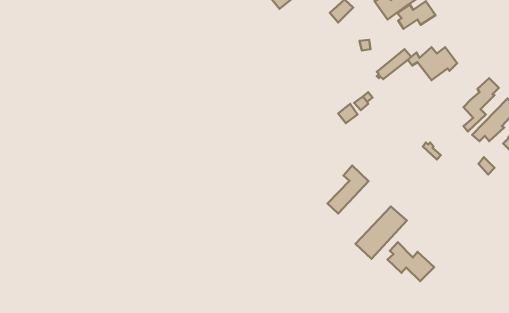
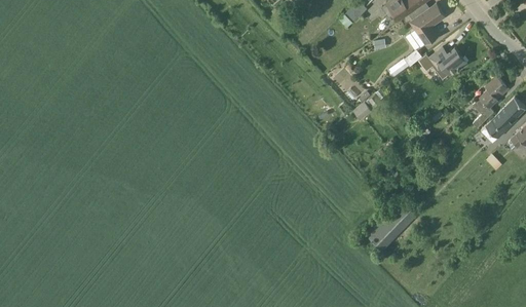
building: none -> [410,21,439,47]
building: [328,166,369,214] -> none
building: [387,242,434,281] -> none

